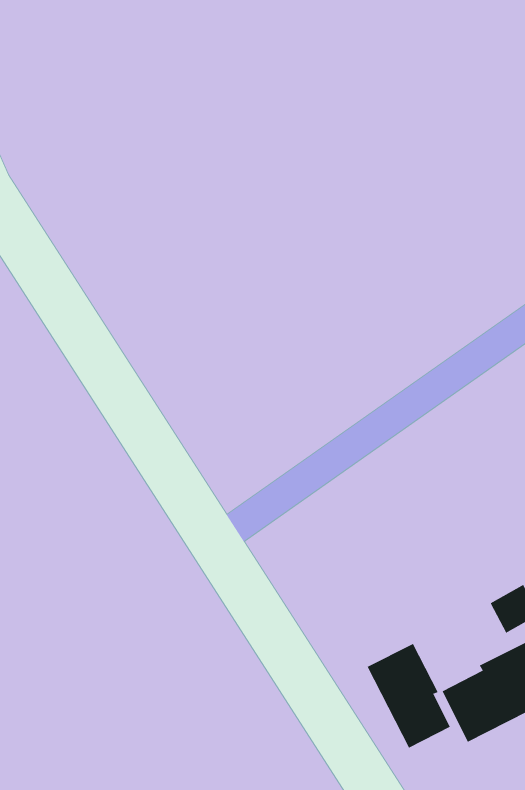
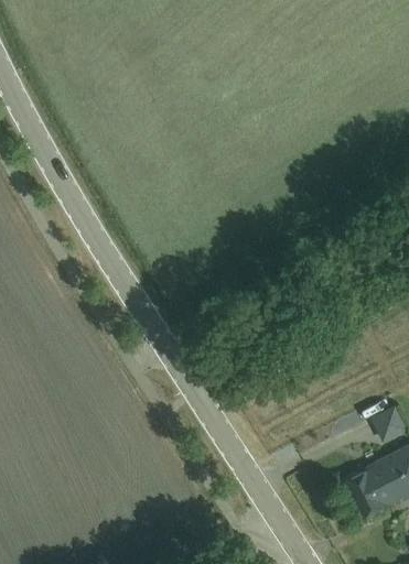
building: [367,643,450,749] -> none

